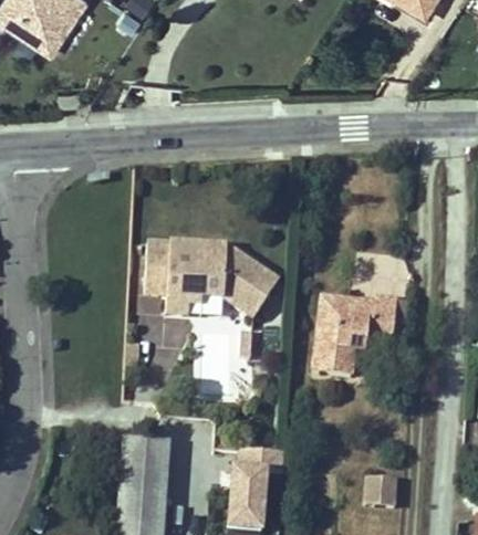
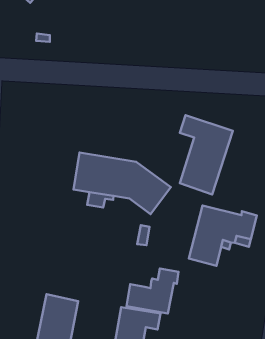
building: none -> [180,115,233,195]
building: none -> [126,269,179,314]

